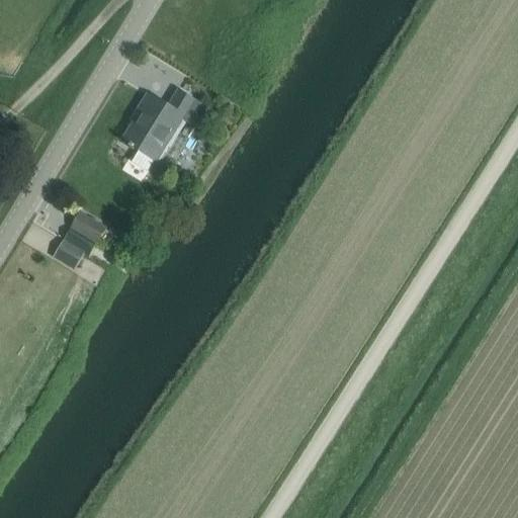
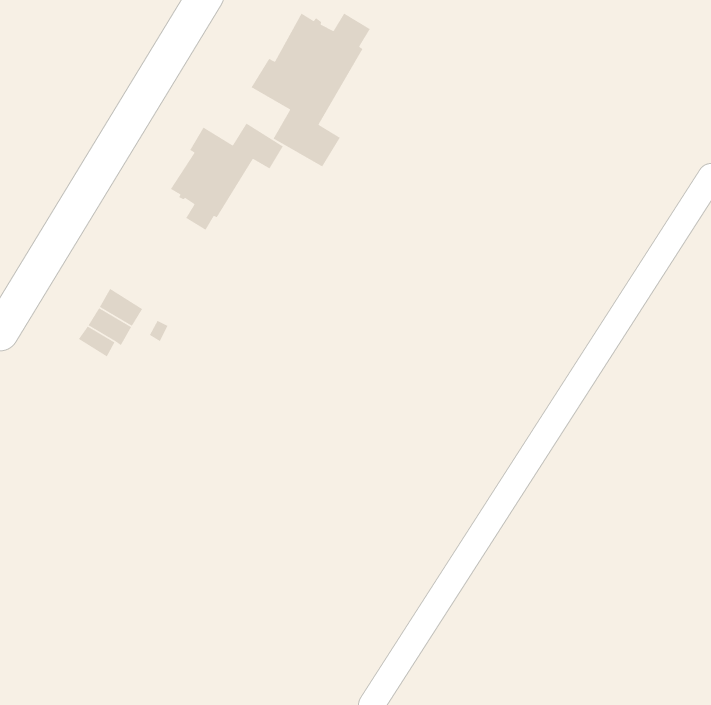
building: none -> [251,13,371,167]

